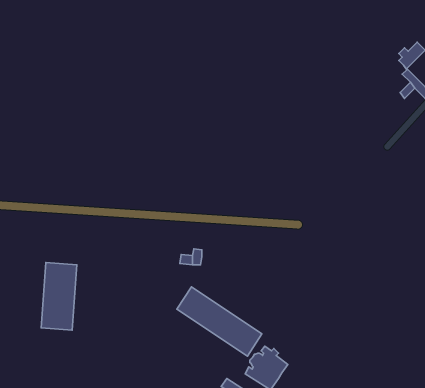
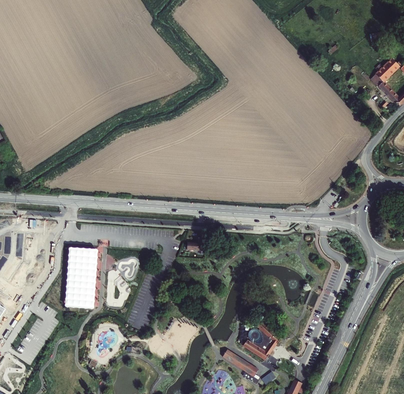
building: [177,287,262,356] -> none

